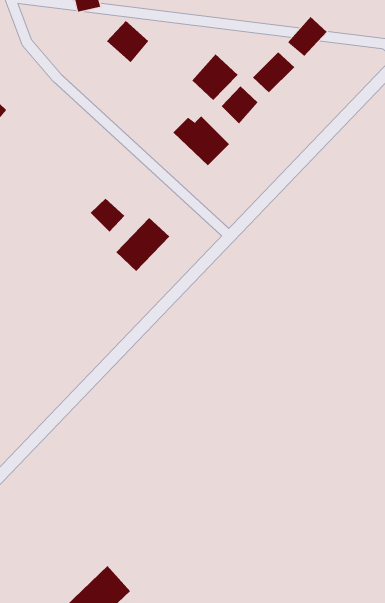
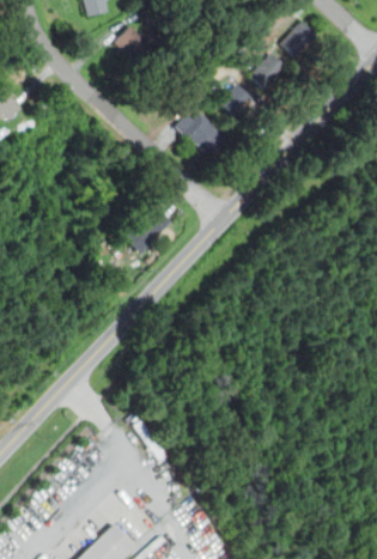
building: [191,54,239,101] -> none
building: [90,198,125,232] -> none

